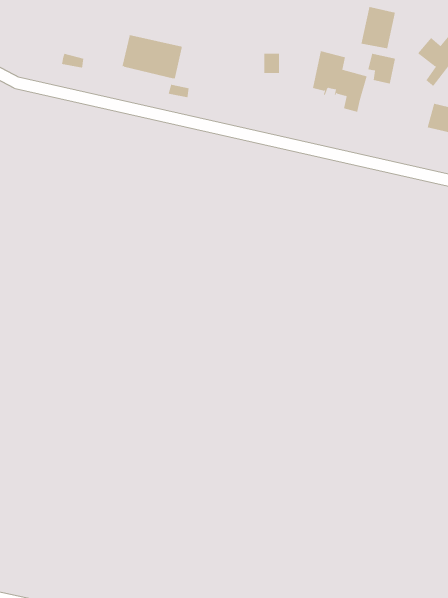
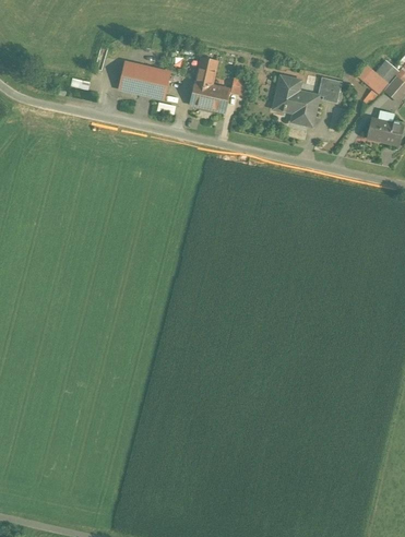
building: [361,6,395,49] -> none
building: none -> [189,58,228,112]

